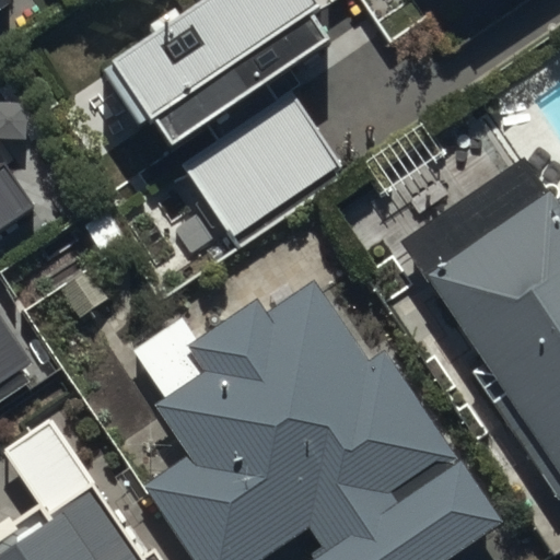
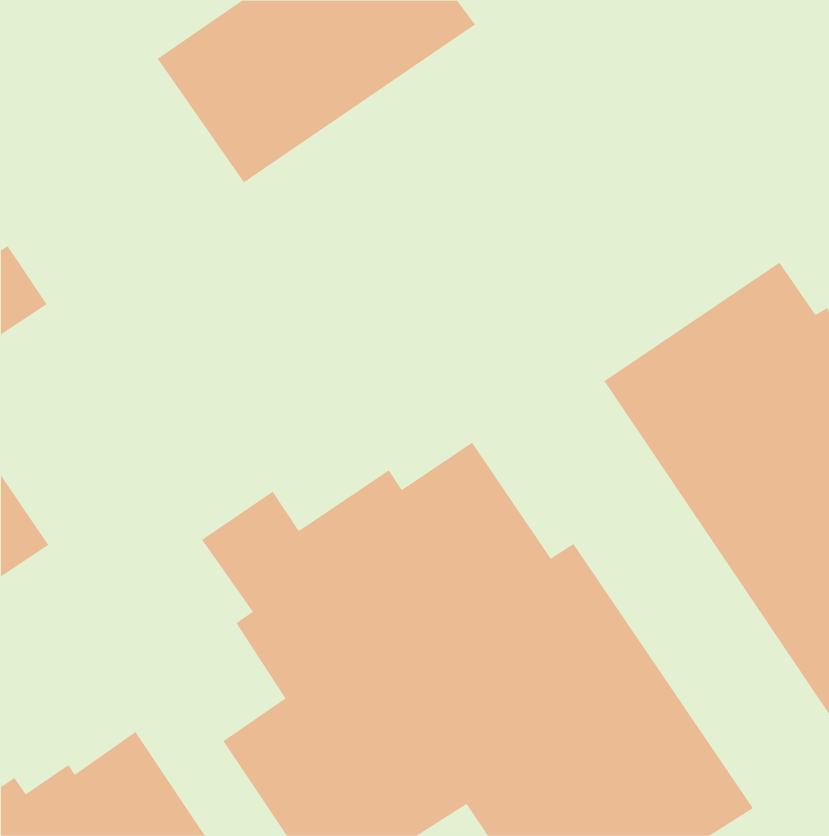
building: [188,84,346,232] -> none

